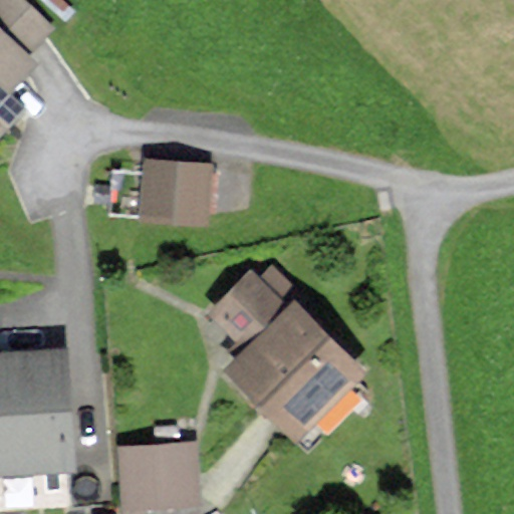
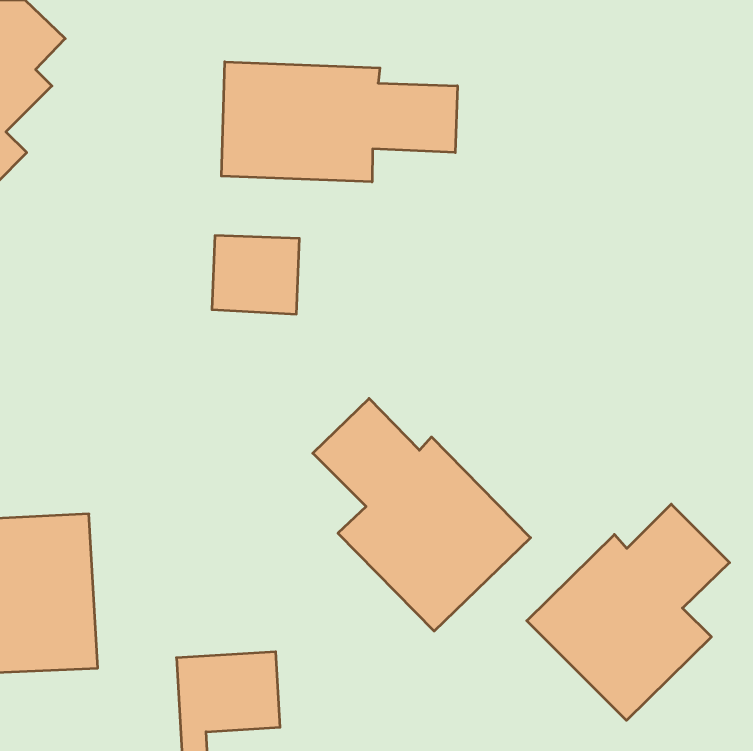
building: none -> [221,62,457,182]
building: none -> [527,504,730,720]

